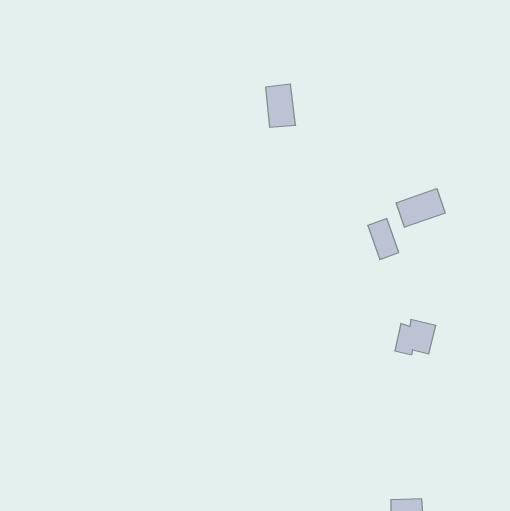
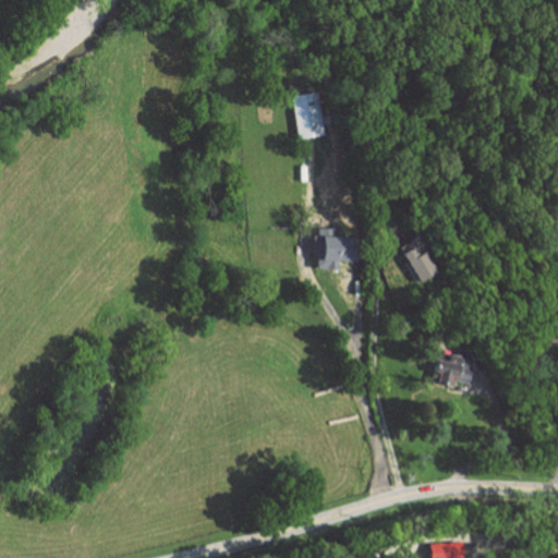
building: [396,189,445,227] -> none
building: none -> [320,230,356,267]

